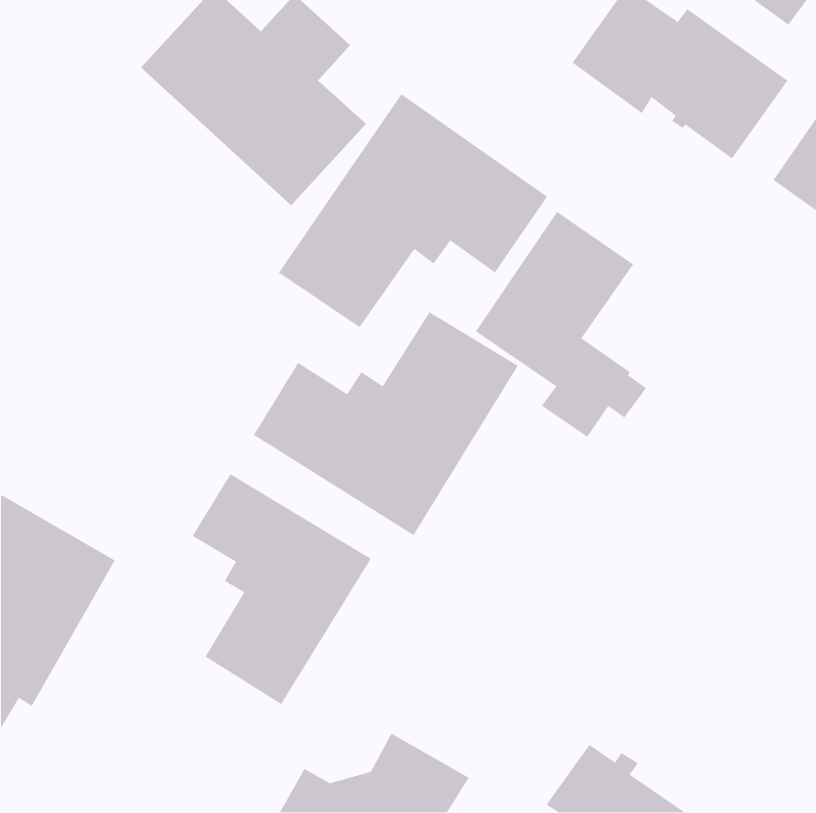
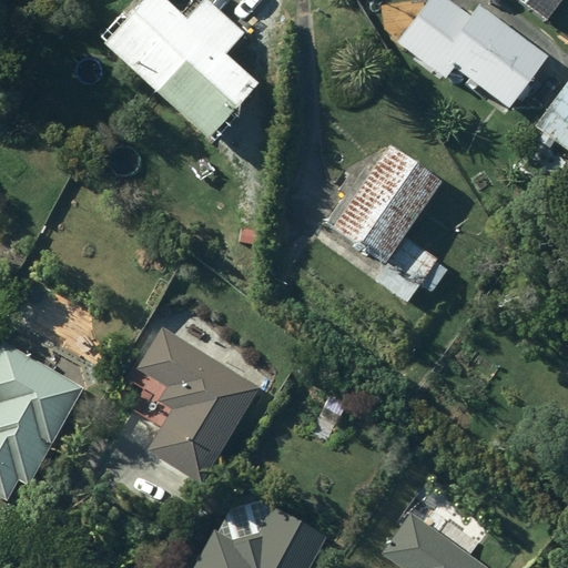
building: [278,93,548,328] -> none
building: [253,311,519,536] -> none

